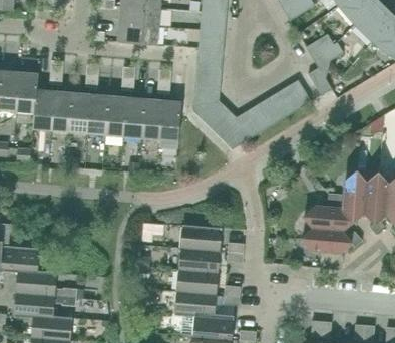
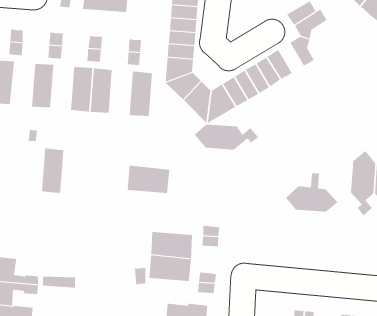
building: [50,90,72,132] -> none
building: [87,93,108,135] -> [41,148,64,194]
building: [141,98,162,140] -> none
building: [335,172,366,221] -> none
building: [180,225,221,251] -> [127,165,170,193]
building: [302,228,362,252] -> [194,124,259,150]
building: [175,291,216,316] -> none

